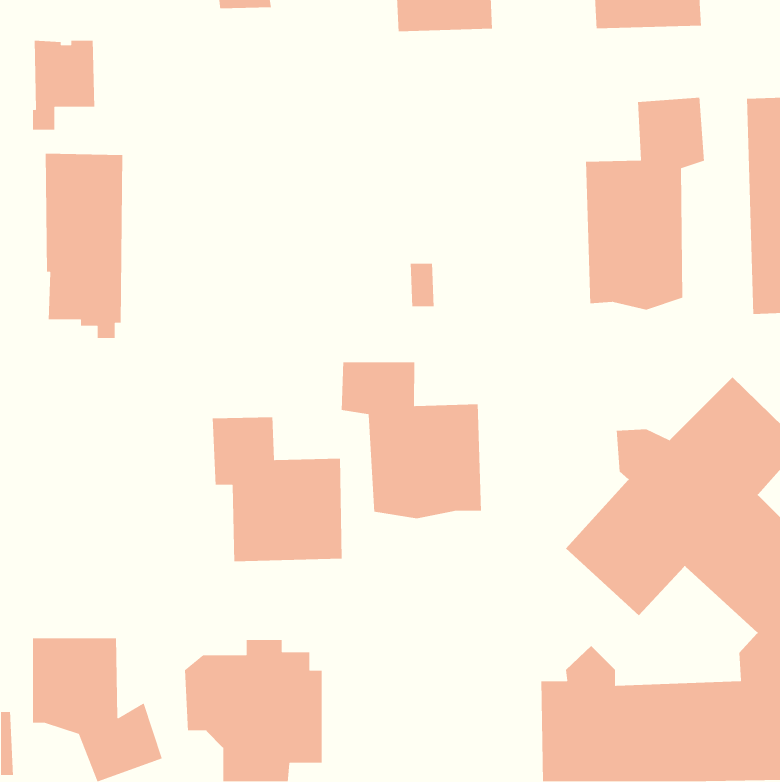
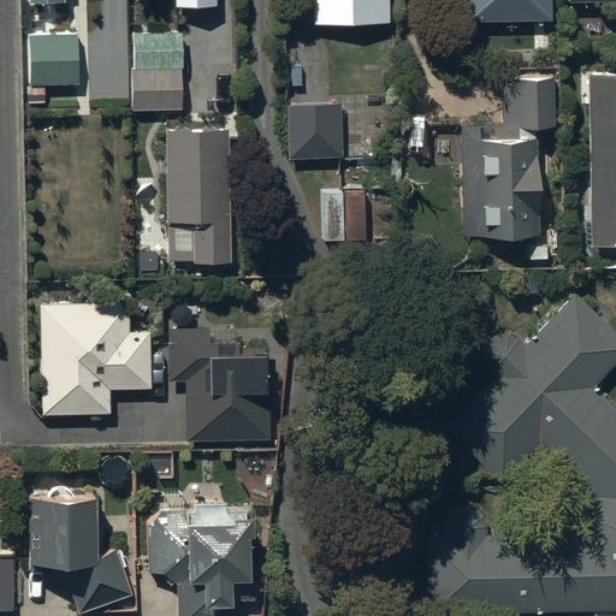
building: none -> [134,31,184,109]
building: none -> [292,102,348,158]
building: [45,153,123,339] -> [166,130,227,276]
building: [341,361,482,519] -> none
building: none -> [41,301,152,414]

